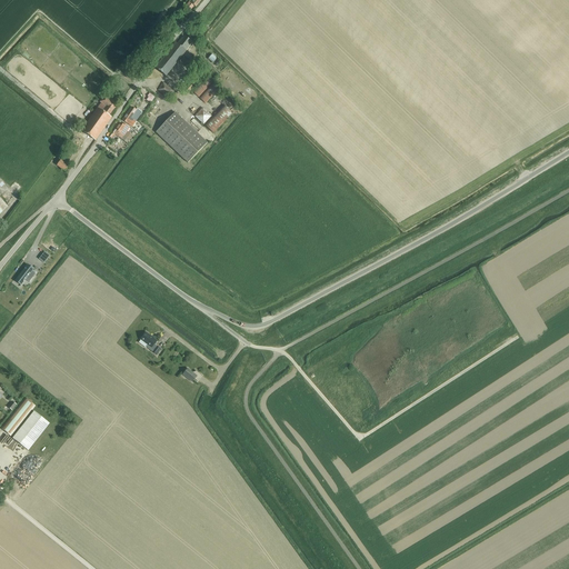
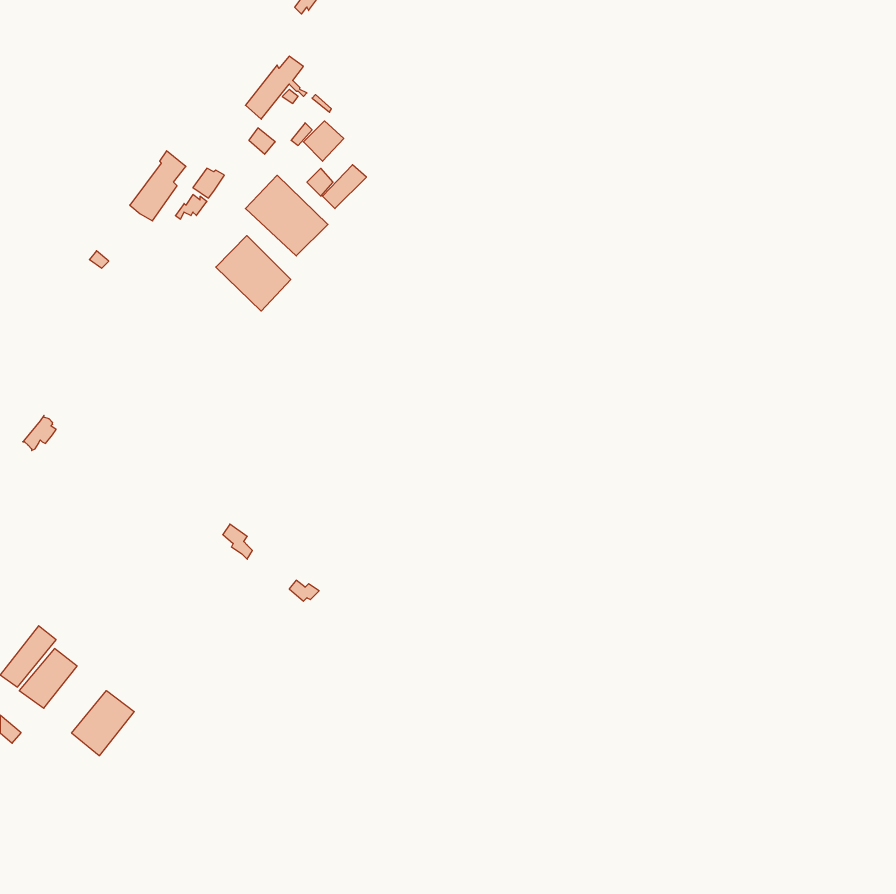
building: none -> [216,236,291,311]
building: none -> [72,691,134,756]

